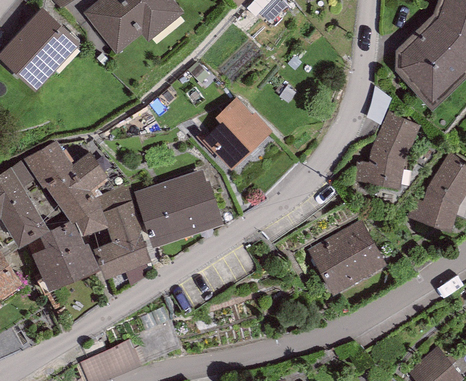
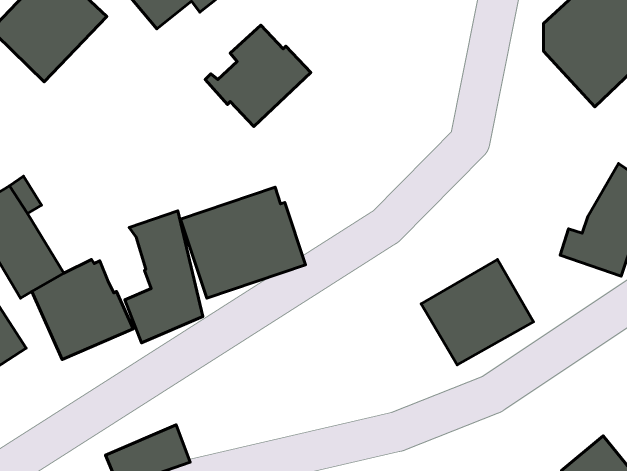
building: [196,97,272,170] -> [205,25,311,127]
building: [353,110,421,188] -> none
building: [23,140,109,236] -> none

